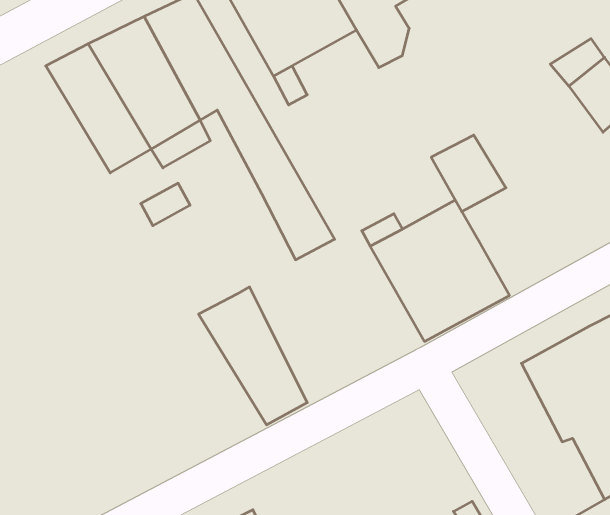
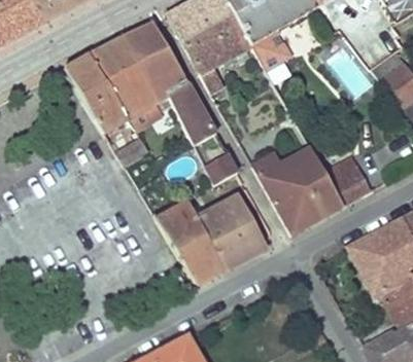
building: [431,135,506,212] -> [325,158,371,205]
building: none -> [195,194,266,269]

